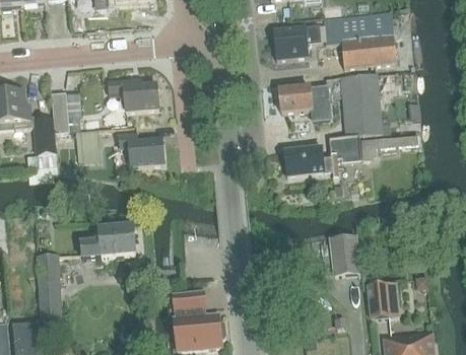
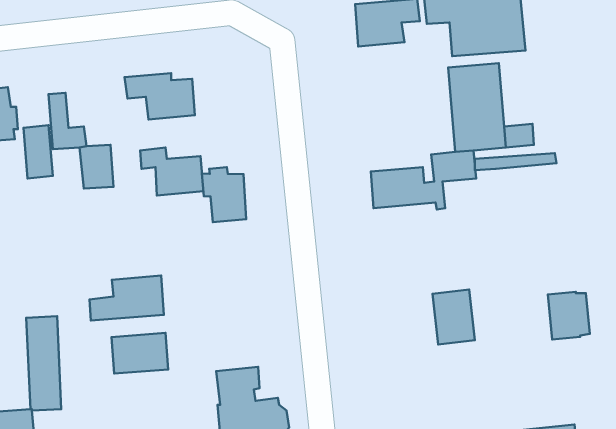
building: [278,84,330,119] -> none
building: none -> [202,167,246,222]
building: none -> [112,333,168,374]
building: [368,283,398,317] -> [548,292,590,340]

